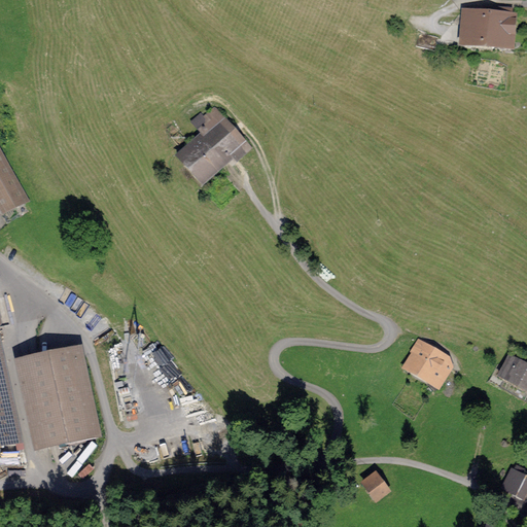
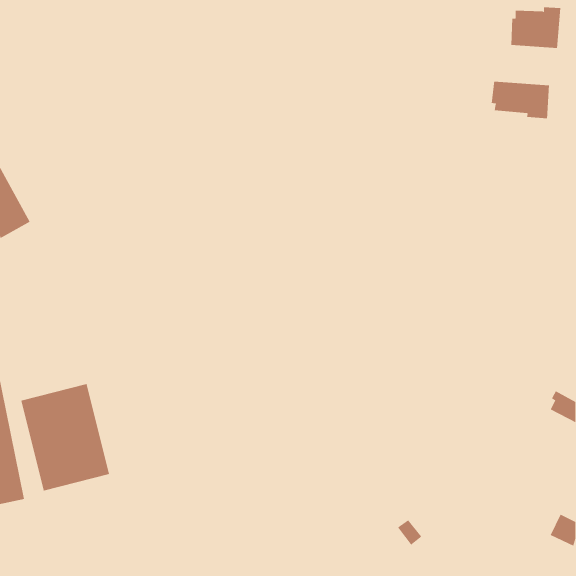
building: none -> [491,81,549,119]
building: [174,105,251,187] -> none
building: [409,340,449,388] -> none

